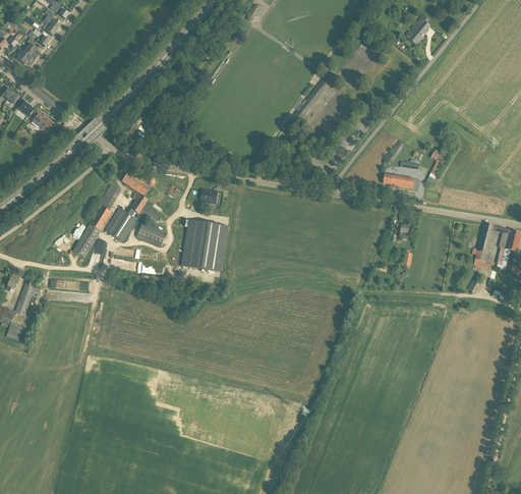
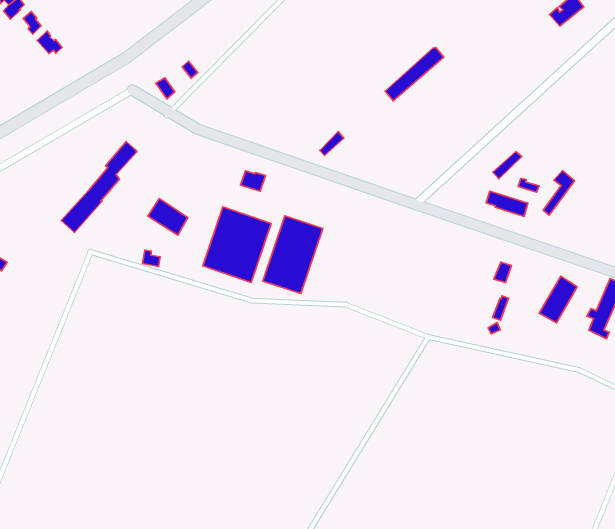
building: [105,172,161,241] -> none
building: none -> [263,216,323,294]
building: none -> [539,276,577,323]

